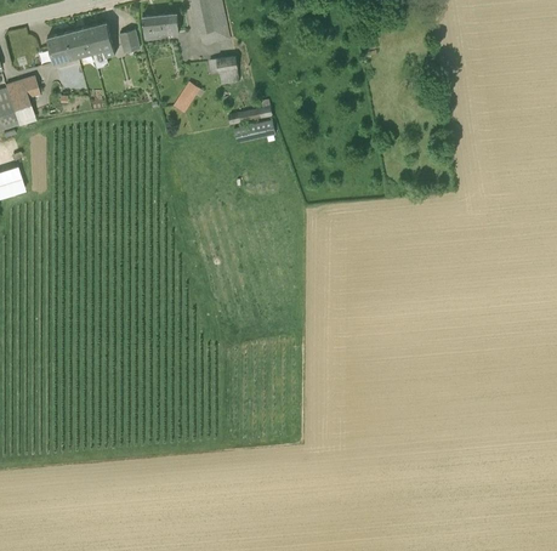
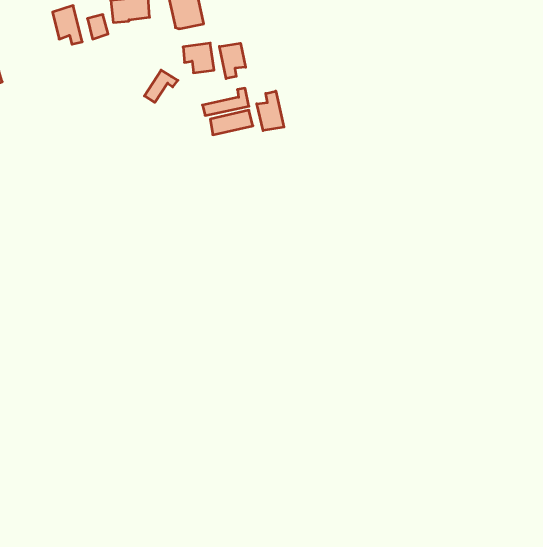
building: [46,28,92,63] -> none
building: none -> [219,43,246,79]
building: none -> [257,91,284,131]

